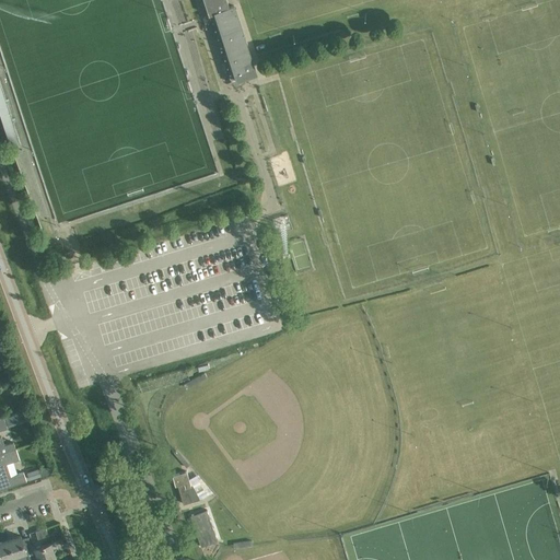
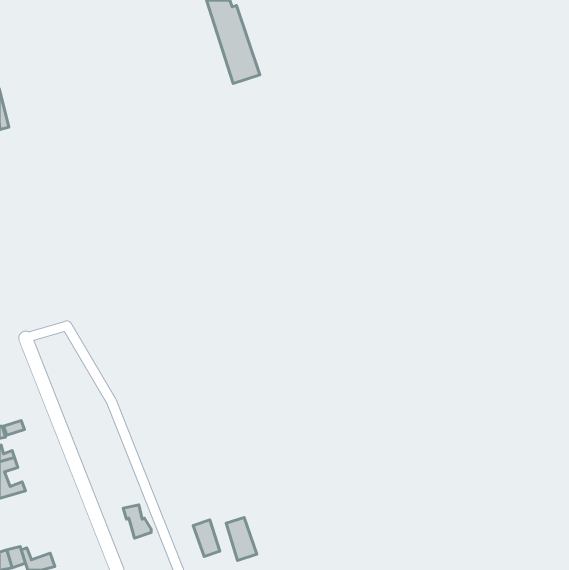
building: [171,471,198,504] -> [123,505,151,538]
building: none -> [226,518,257,560]

